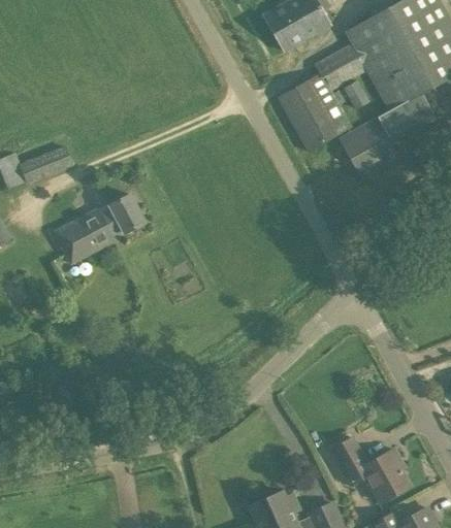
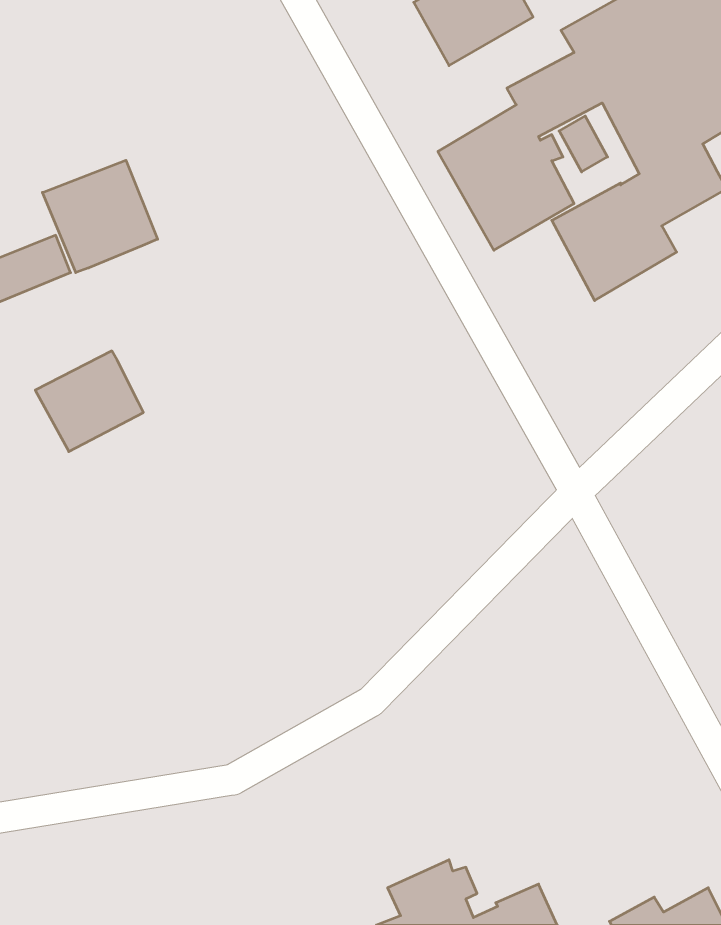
building: none -> [42,160,158,273]
building: [100,194,147,236] -> none
building: [331,437,412,501] -> none

